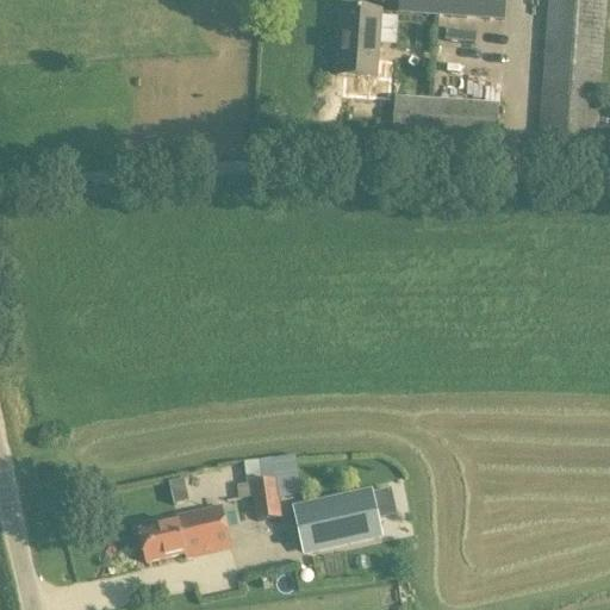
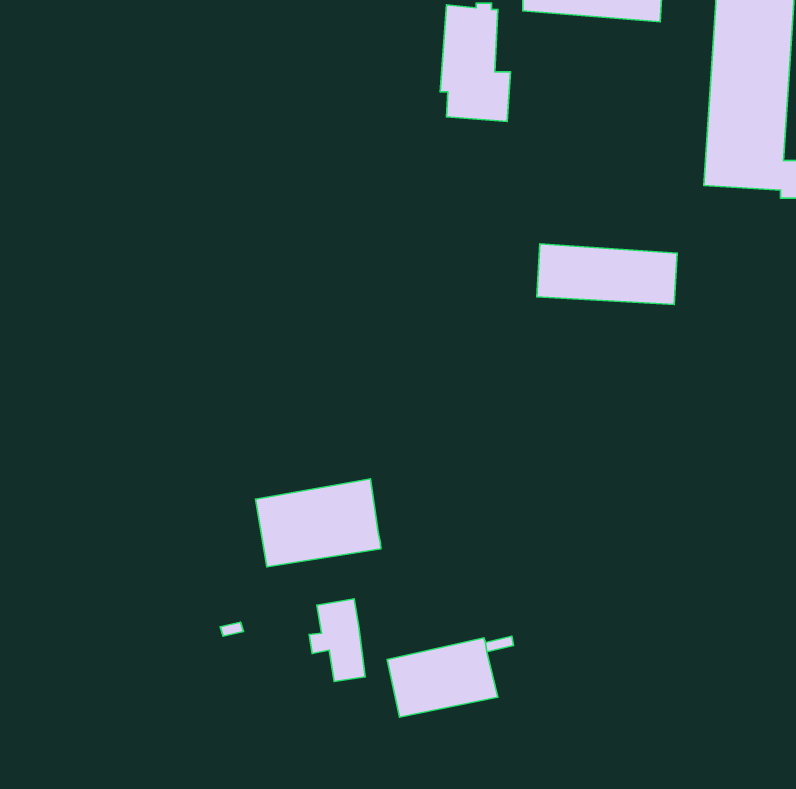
building: [392,91,499,137] -> [537,244,677,305]
building: none -> [255,479,381,567]
building: [141,503,231,559] -> none

